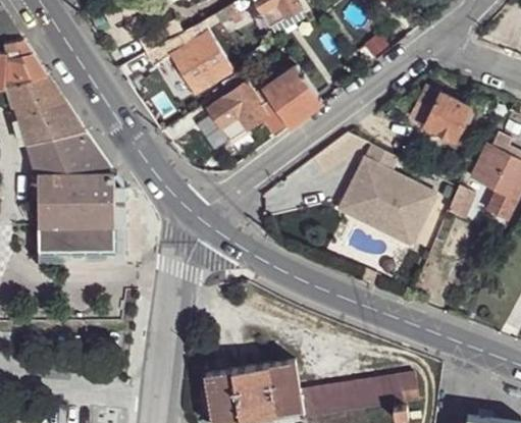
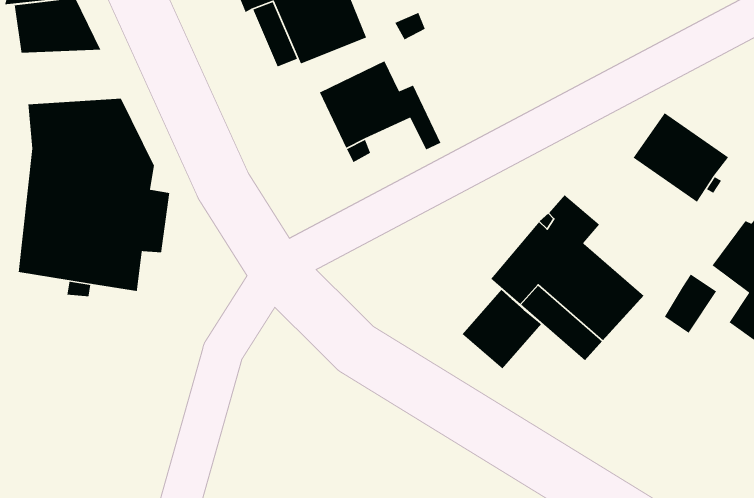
building: [262,65,322,127] -> none
building: [18,104,86,145] -> none
building: none -> [462,289,542,369]

